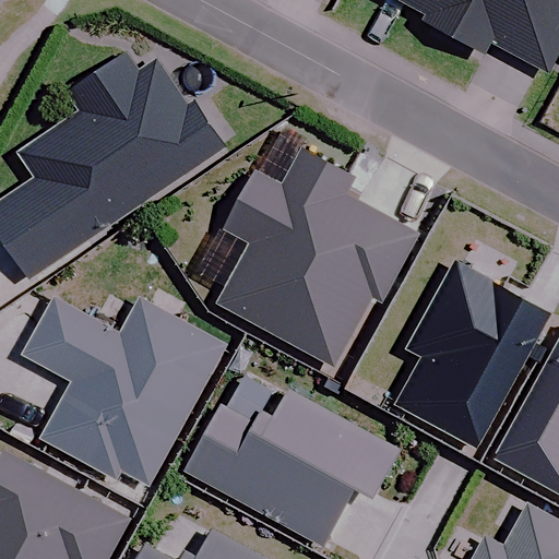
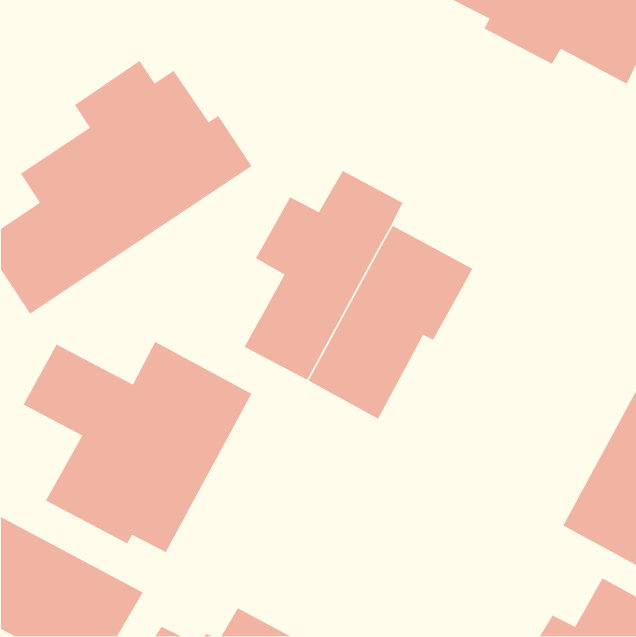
building: [396,262,548,447] -> none
building: [185,390,396,543] -> none

